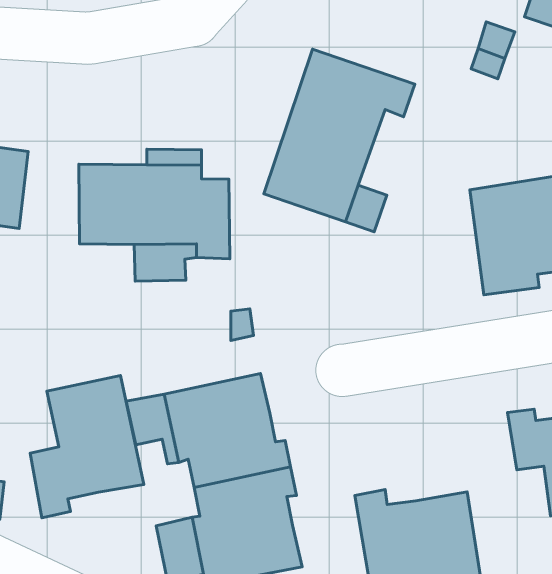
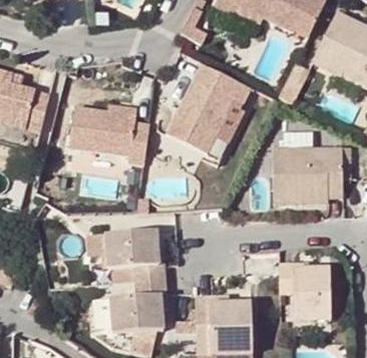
building: [30,375,144,518] -> none

